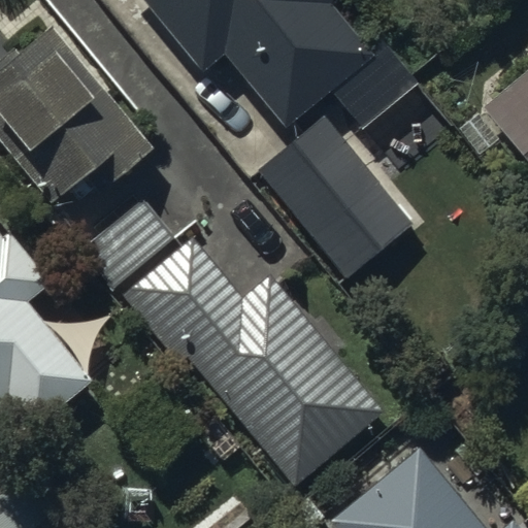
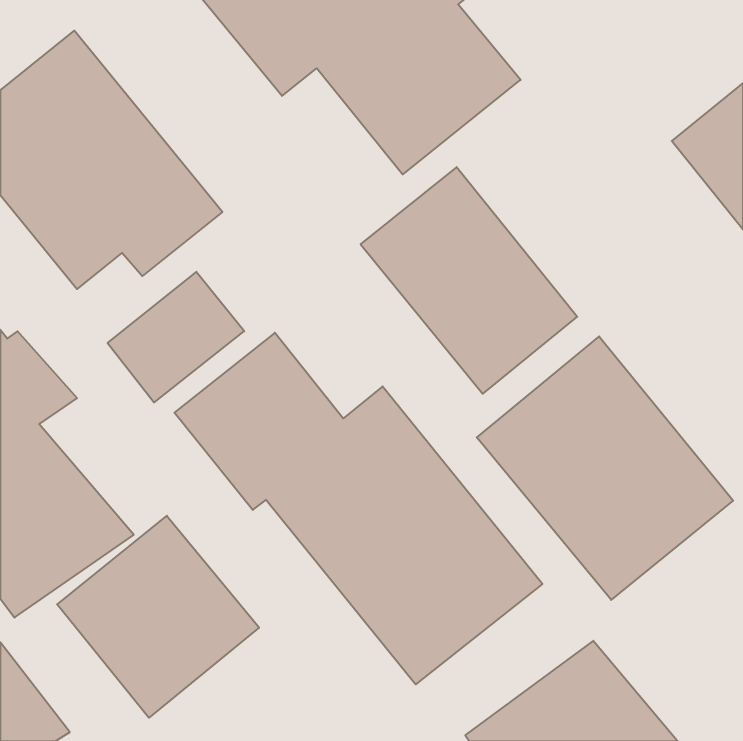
building: none -> [477,336,733,600]
building: none -> [57,516,259,718]

